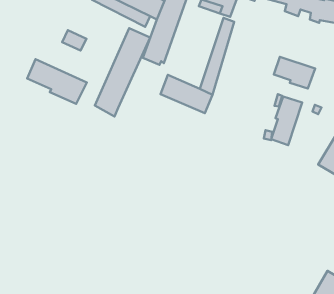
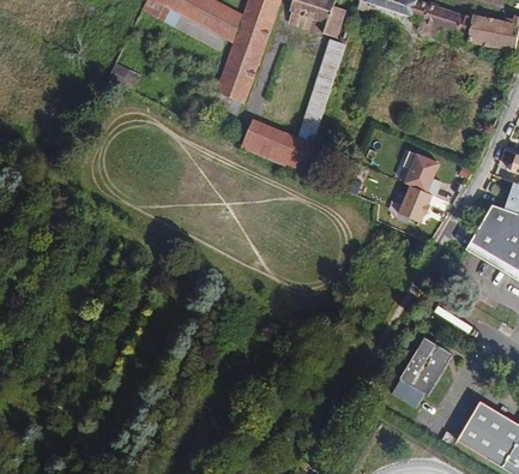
building: [95,28,150,116] -> none
building: [274,57,315,88] -> none
building: [27,59,87,104] -> none
building: none -> [392,337,452,408]

